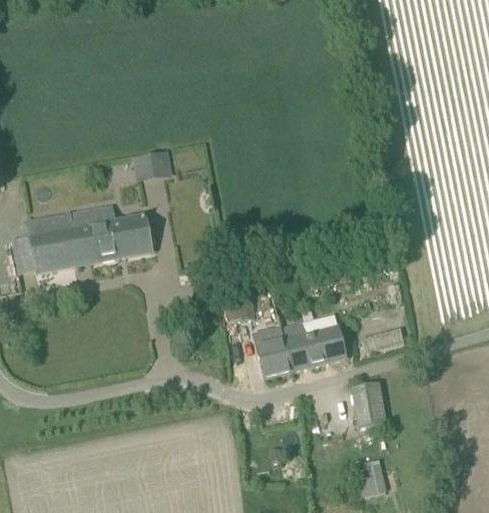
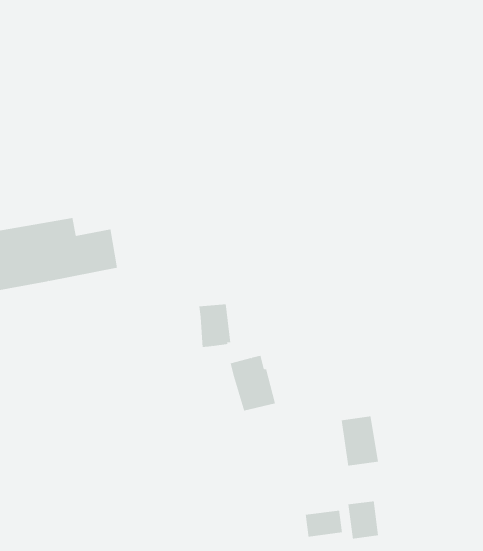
building: [133,150,172,178] -> none
building: [281,321,346,372] -> none
building: none -> [305,510,343,537]

